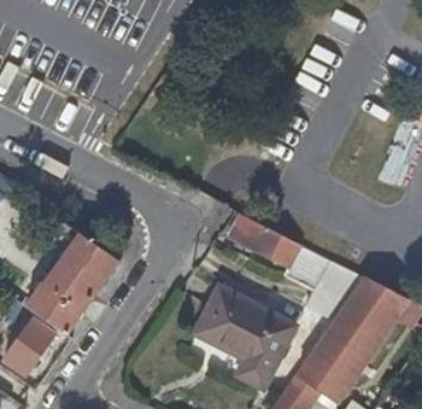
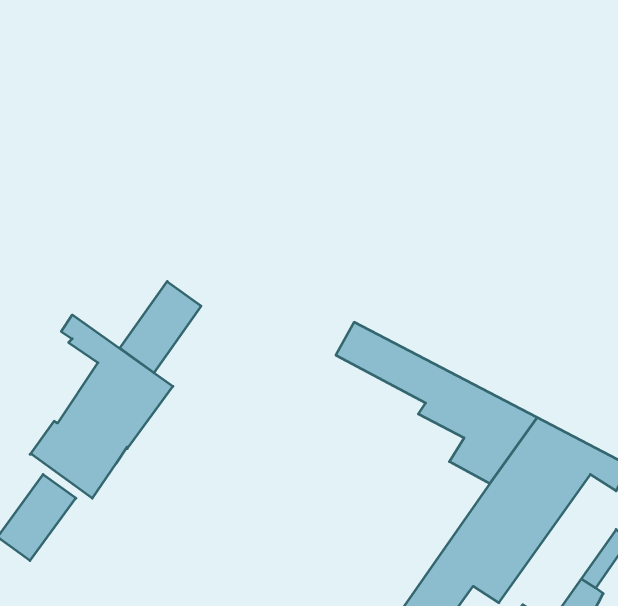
building: none -> [120,281,201,373]
building: [195,290,293,392] -> none

